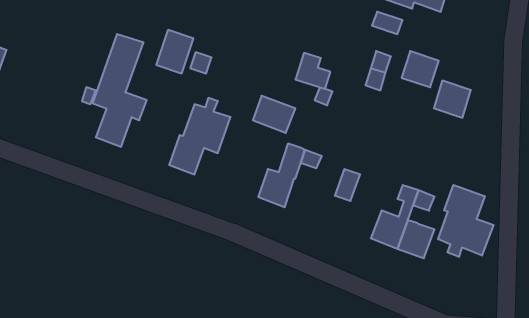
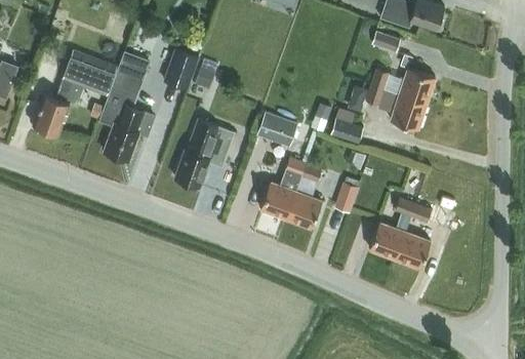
building: none -> [33,49,117,134]
building: [295,53,330,89] -> [329,108,363,143]
building: [434,81,471,118] -> [391,93,427,129]
building: none -> [286,191,321,228]
building: [438,185,494,257] -> none

